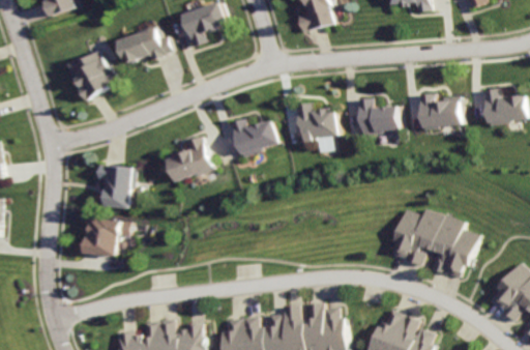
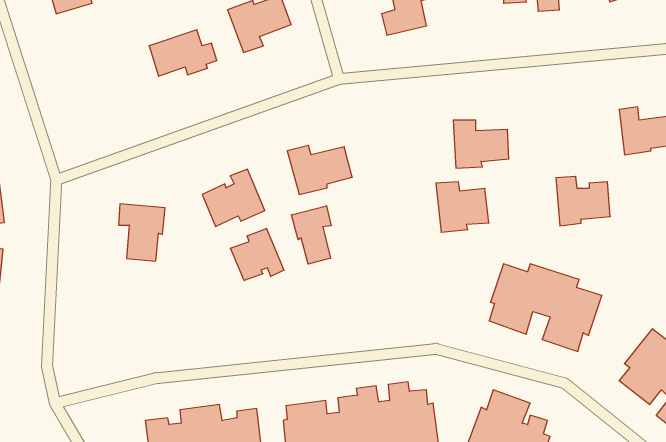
building: [65,51,113,100] -> none
building: [418,93,461,132] -> [556,176,610,226]
building: [292,104,333,143] -> [436,182,489,232]
building: none -> [291,206,331,264]
building: none -> [231,228,284,281]
building: [82,218,126,255] -> none

